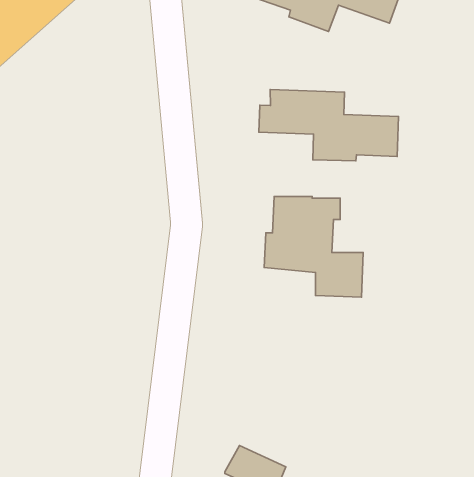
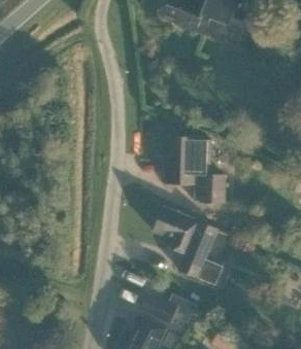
building: [259,89,398,161] -> none
building: none -> [156,208,225,286]

